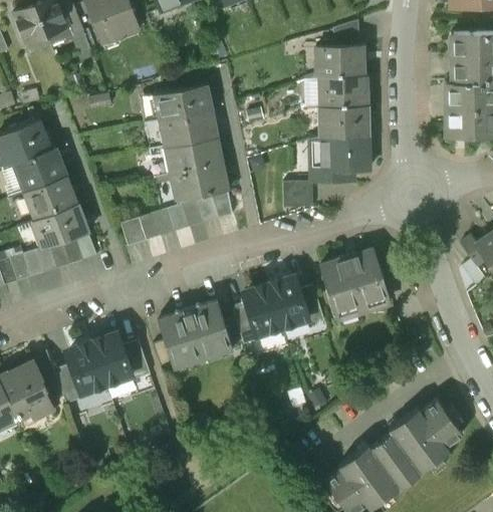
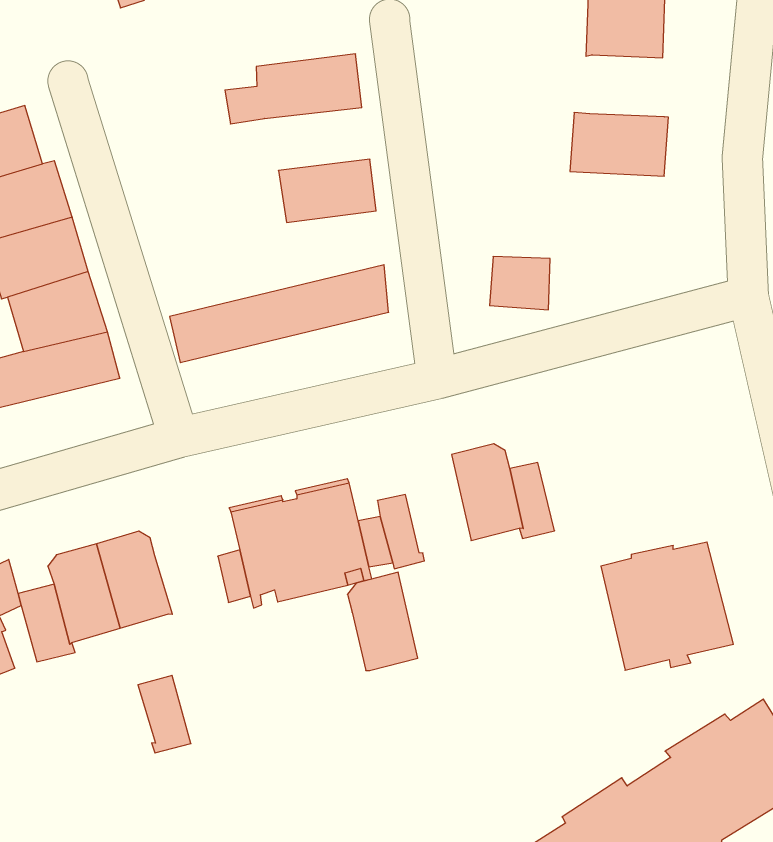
building: [326,74,365,105] -> none
building: [162,110,217,147] -> none
building: [315,135,368,183] -> none
building: [171,163,228,200] -> none
building: [320,249,391,317] -> [601,542,733,670]
building: [244,284,282,335] -> [347,572,418,671]
building: [121,340,151,380] -> [138,675,191,753]

